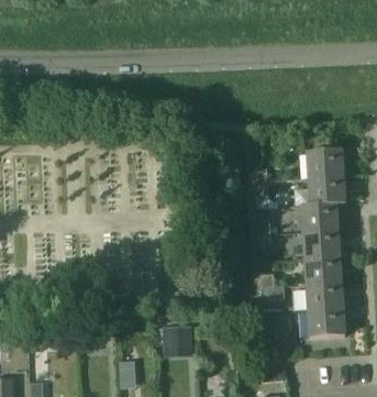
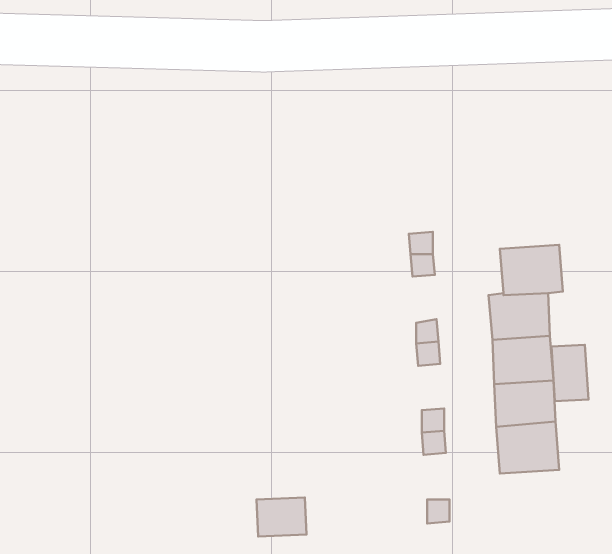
building: [306,151,342,178] -> none
building: none -> [552,345,588,401]
building: [307,309,343,338] -> none

